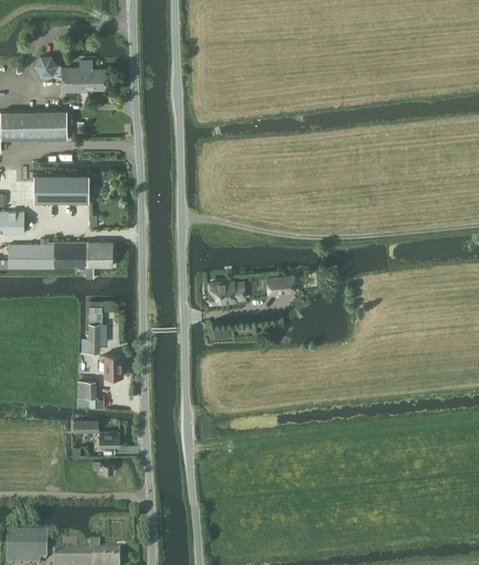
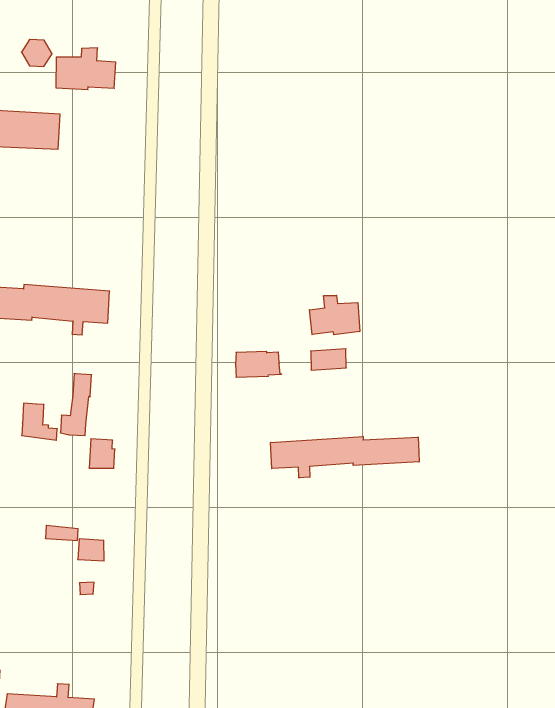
building: [33,175,88,202] -> none
building: none -> [309,295,360,335]
building: none -> [271,436,419,478]
building: [77,382,104,408] -> [22,403,57,440]

